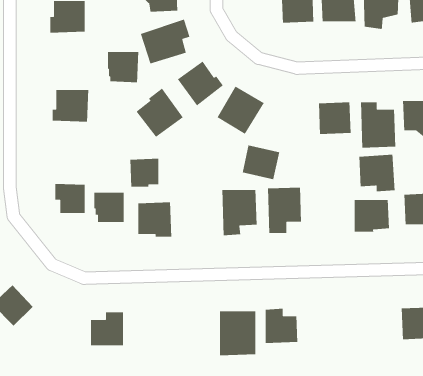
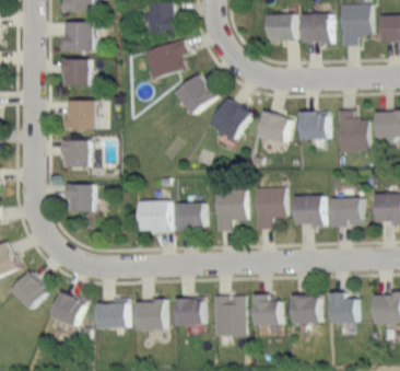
building: [107,51,139,83] -> [61,58,90,86]
building: [135,87,184,138] -> none
building: [242,144,280,180] -> [256,112,290,143]
building: [359,154,396,192] -> [293,195,326,229]
building: [129,158,159,188] -> [176,204,202,230]
building: [93,192,124,223] -> [61,140,89,167]
building: none -> [51,292,83,324]
building: none -> [329,293,357,324]
building: none -> [290,294,319,324]
building: none -> [175,298,202,325]
building: none -> [134,300,164,329]

